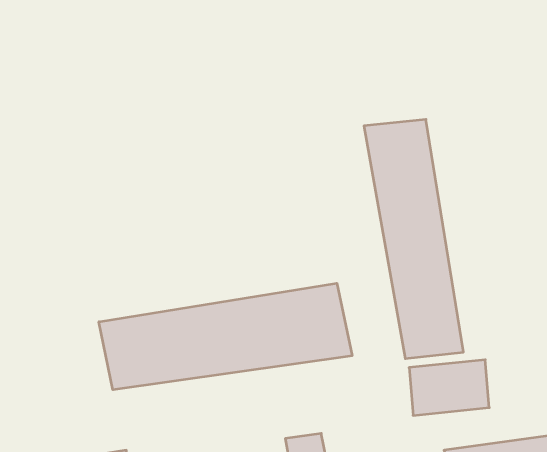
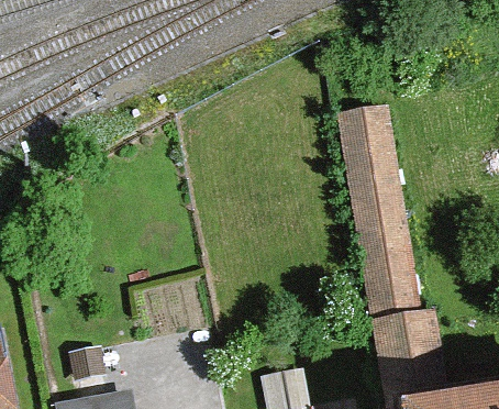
building: [99,283,352,390] -> none

